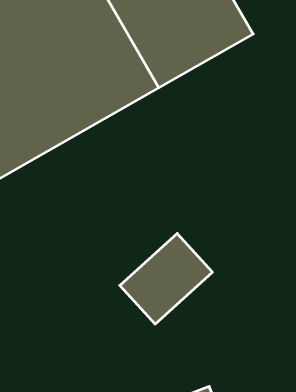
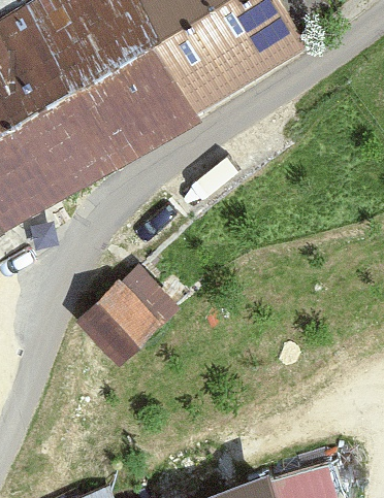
building: [120,233,212,324] -> [72,264,181,370]

